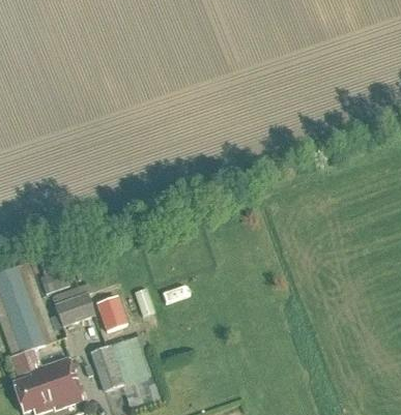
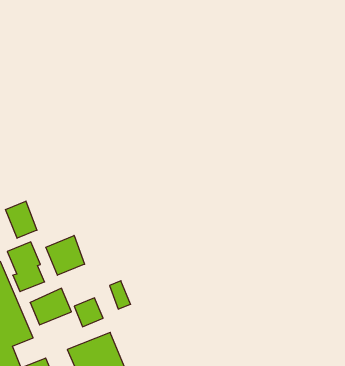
building: none -> [5,201,37,238]
building: none -> [46,235,85,275]

